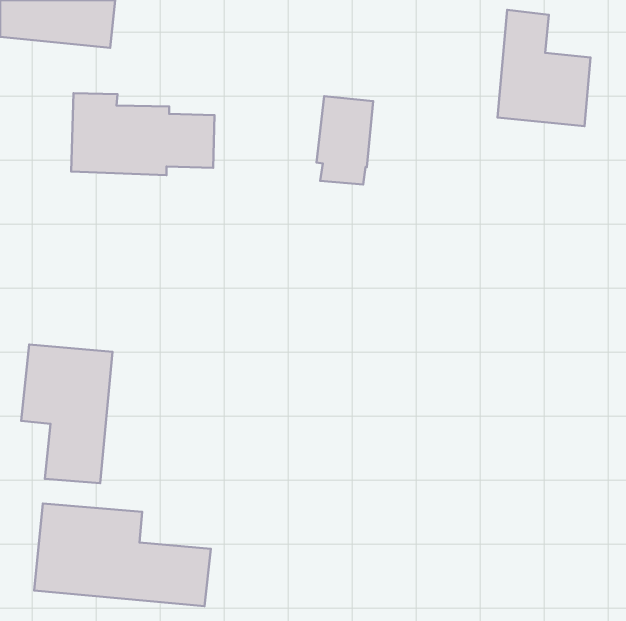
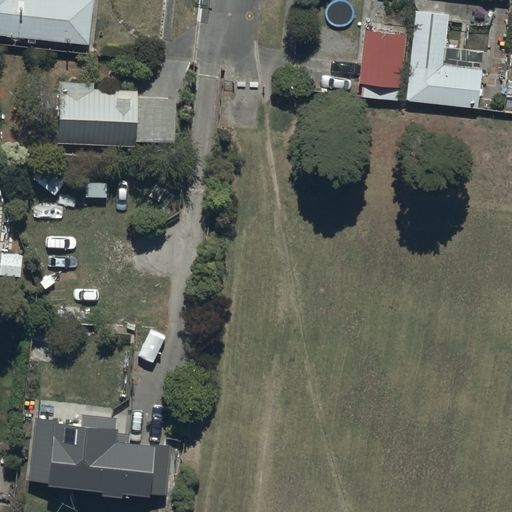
building: [317,96,373,184] -> [359,29,405,101]
building: [21,344,113,483] -> none

